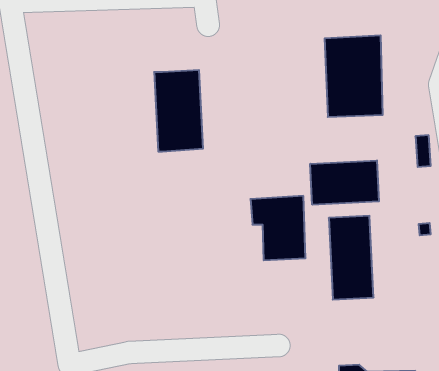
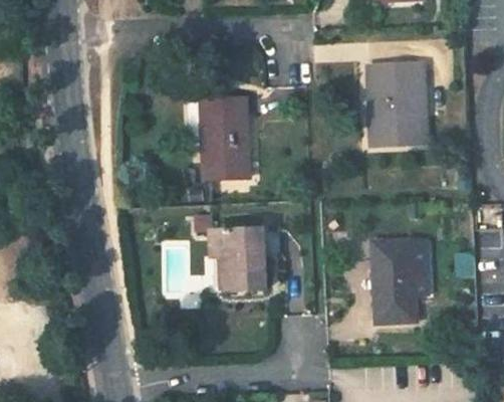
building: [310,160,379,205] -> none
building: [250,196,306,260] -> [211,229,265,292]

